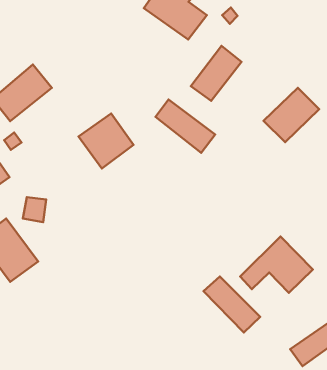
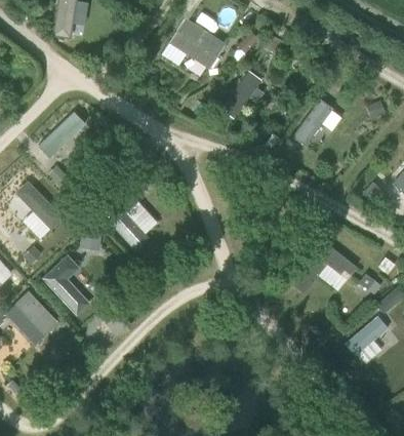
building: [155,100,215,153] -> none
building: [78,113,134,168] -> [107,197,159,249]
building: [204,277,260,333] -> none

